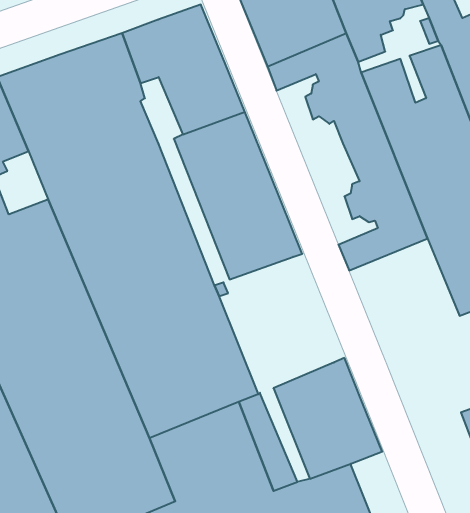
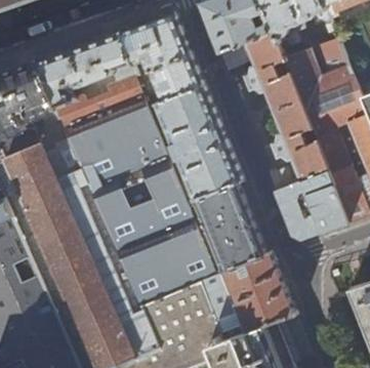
building: none -> [274,173,348,242]
building: none -> [193,186,263,275]

